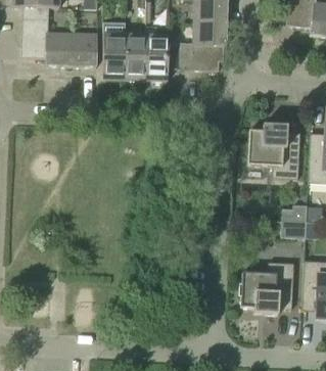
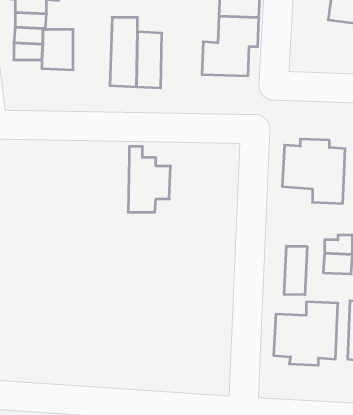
building: [145,26,181,81] -> [128,147,171,212]
building: [72,32,98,66] -> none
building: none -> [284,246,307,295]

